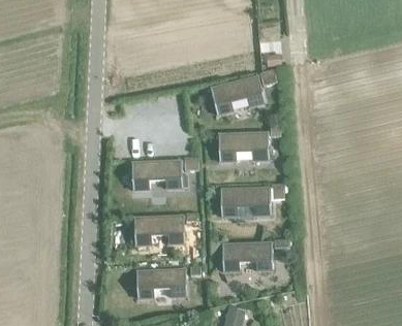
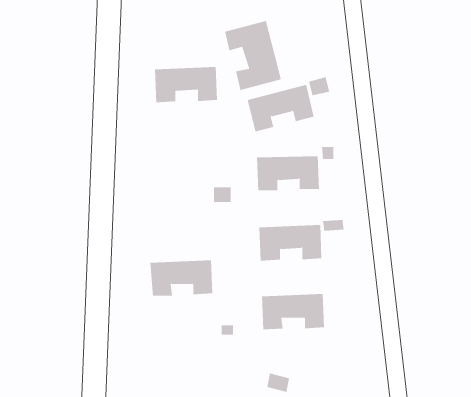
building: none -> [225,20,282,91]
building: [131,161,182,190] -> [154,66,218,103]
building: [136,269,187,298] -> none

